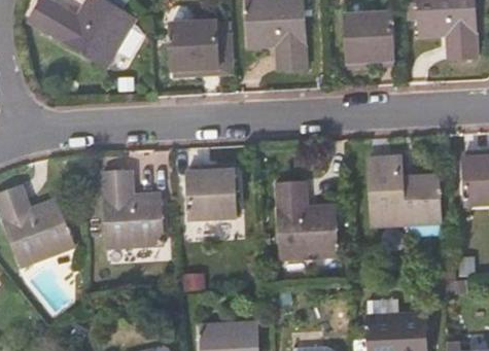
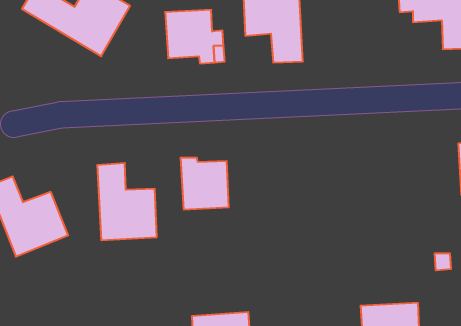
building: [346,14,395,66] -> none
building: [368,157,440,225] -> none
building: [275,184,335,260] -> none

